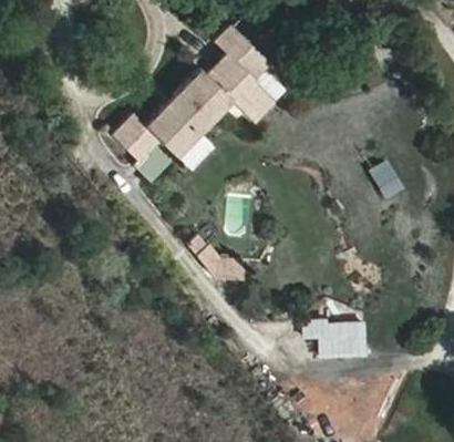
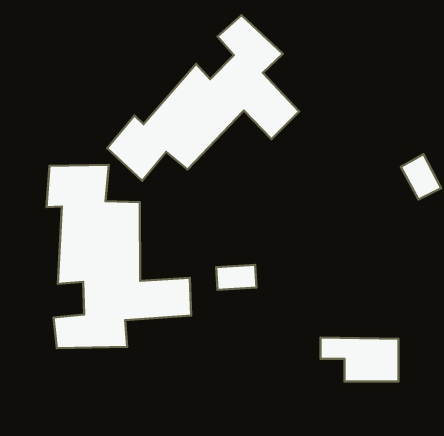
building: none -> [46,165,191,348]

